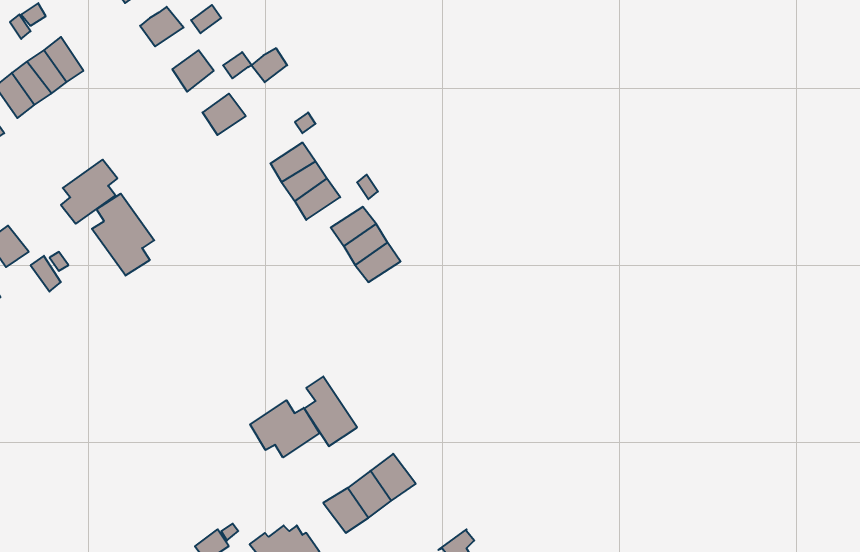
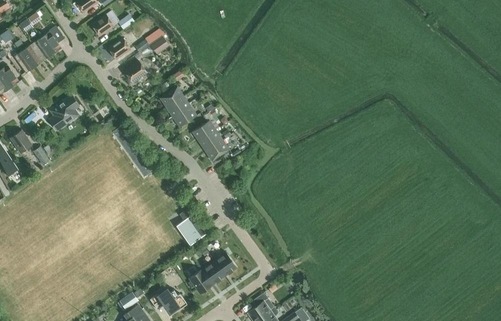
building: [92,194,154,276] -> none
building: [250,400,319,457] -> none

